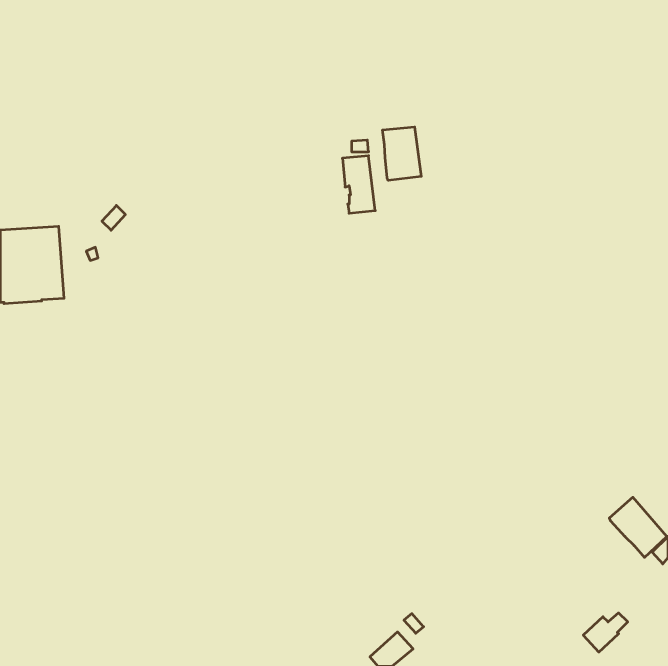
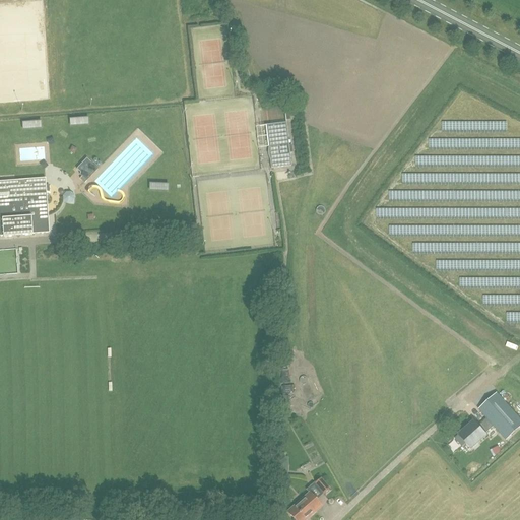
building: [383,127,421,180] -> none
building: [583,613,628,652] -> [458,416,493,447]

